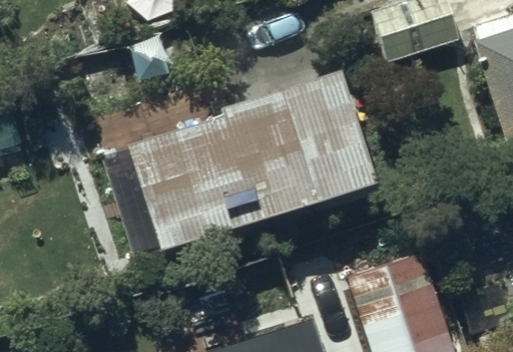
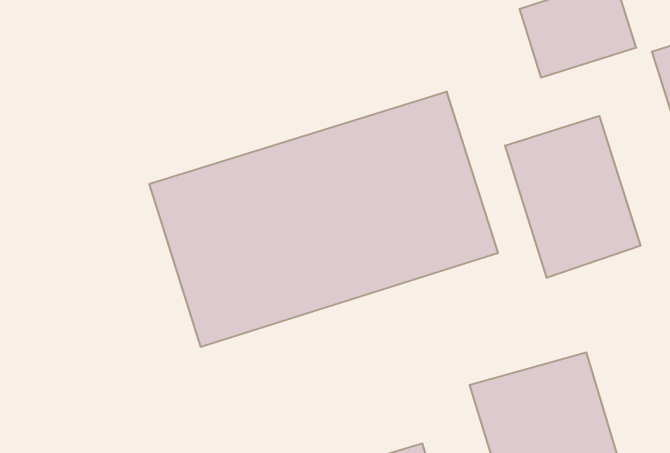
building: none -> [505,116,641,278]

